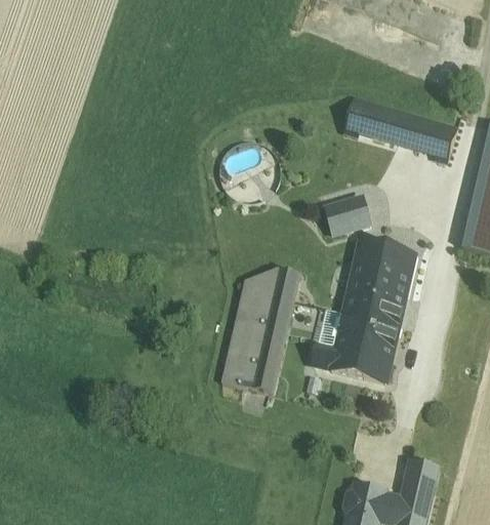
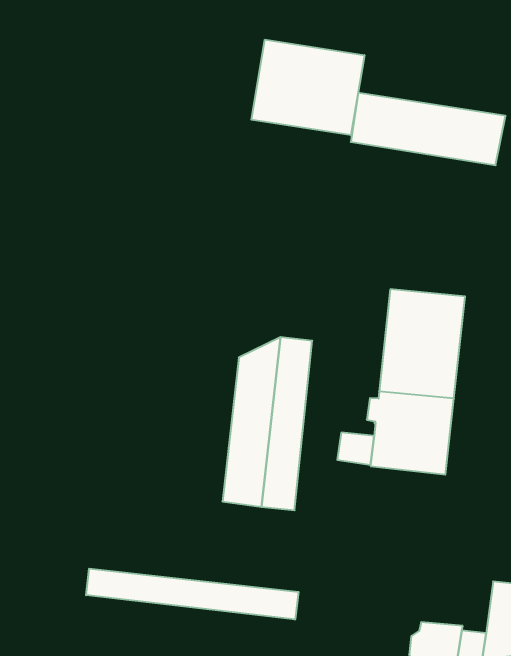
building: none -> [251,40,364,135]
building: [323,196,370,234] -> none
building: none -> [86,569,299,620]

